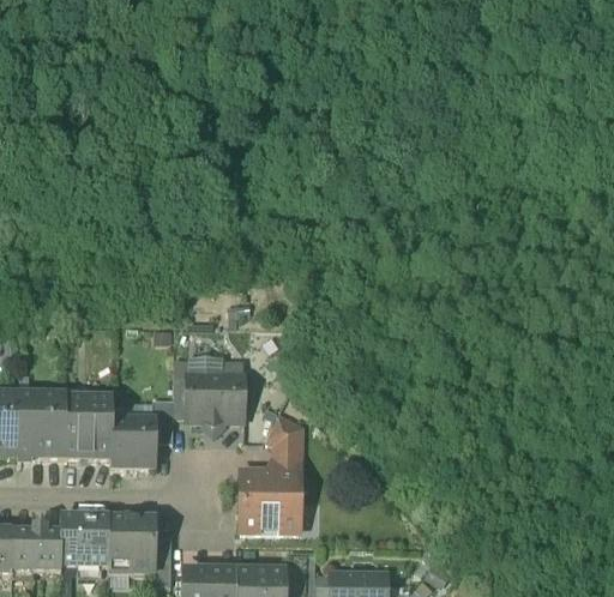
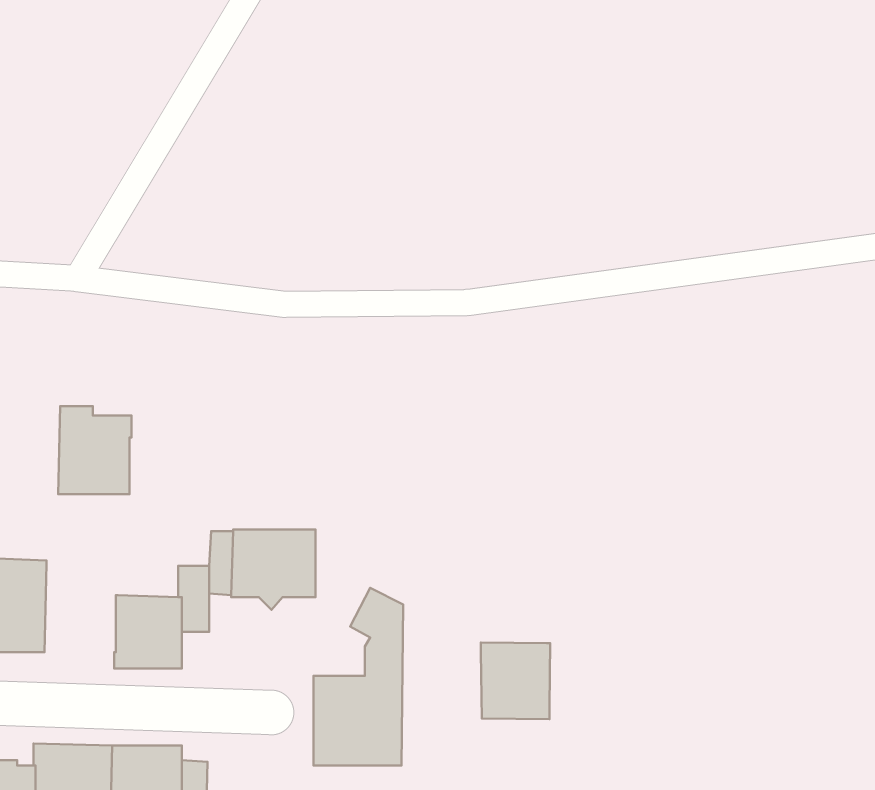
building: [64,397,112,454] -> [58,406,131,494]
building: none -> [481,643,550,719]

